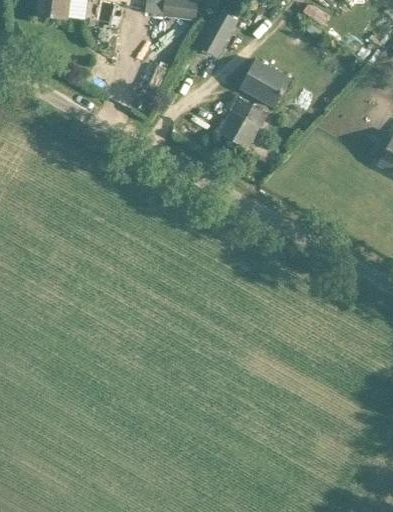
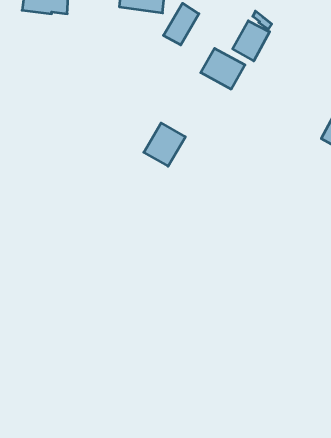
building: none -> [233,21,270,61]
building: [218,98,266,148] -> [144,123,185,166]

